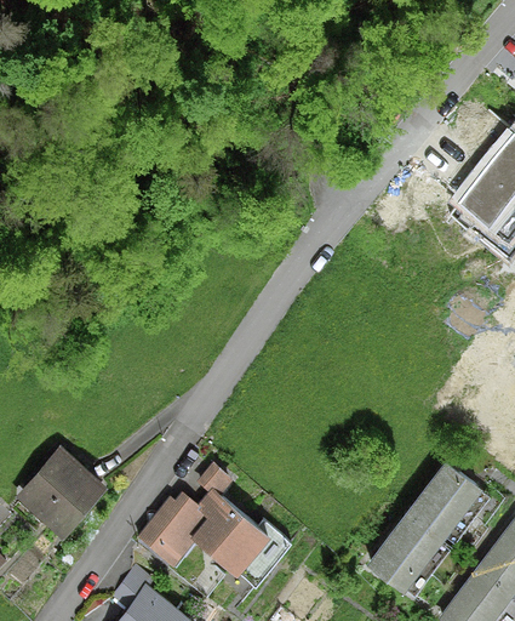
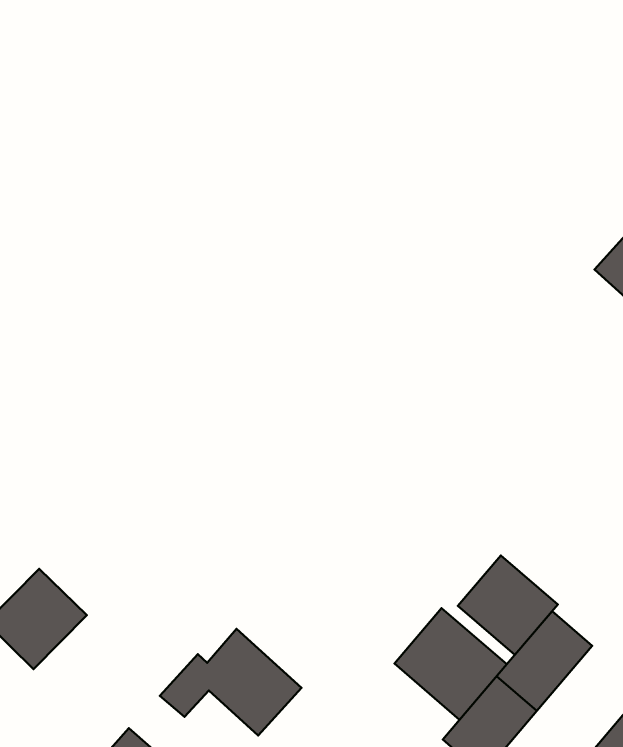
building: none -> [458,556,558,655]
building: none -> [395,608,507,720]

